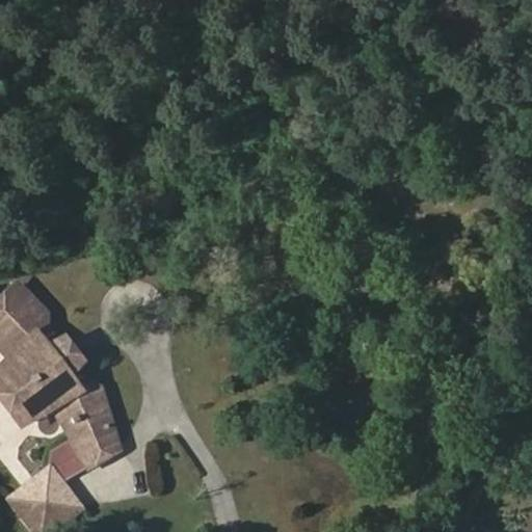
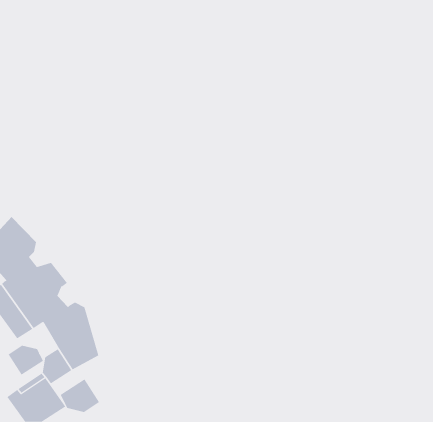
building: none -> [8,345,44,375]
building: none -> [60,379,100,413]

